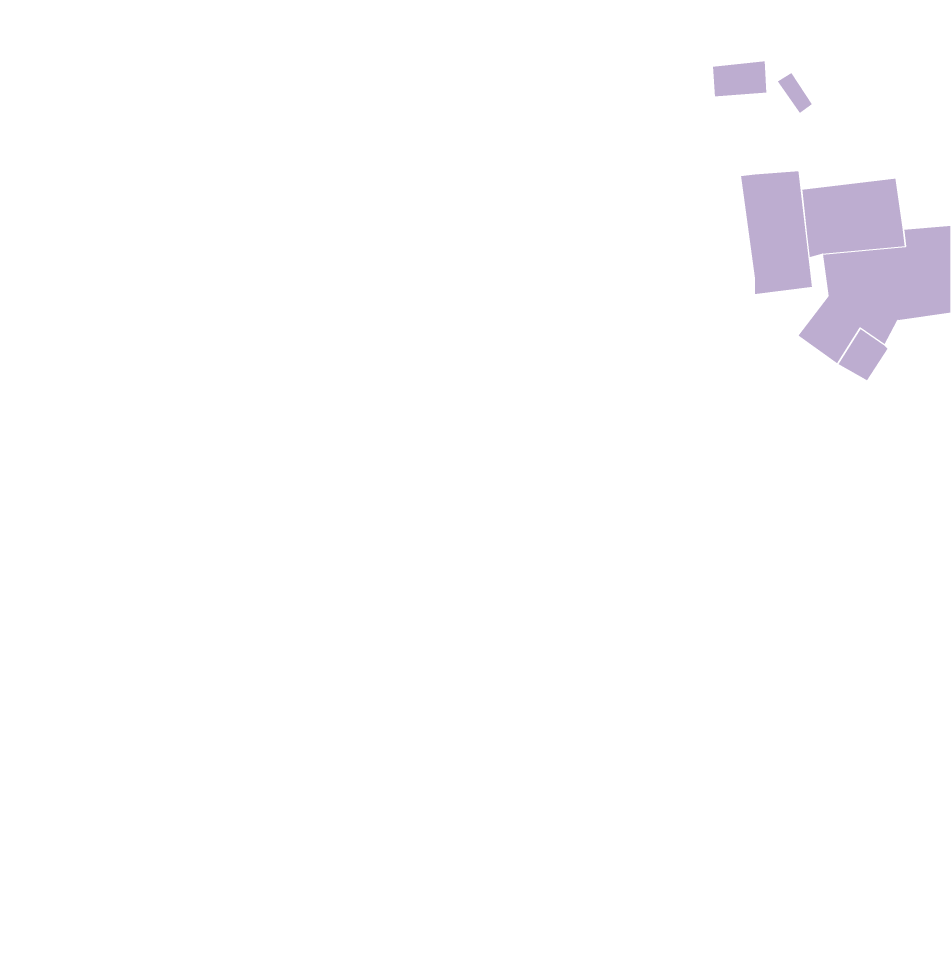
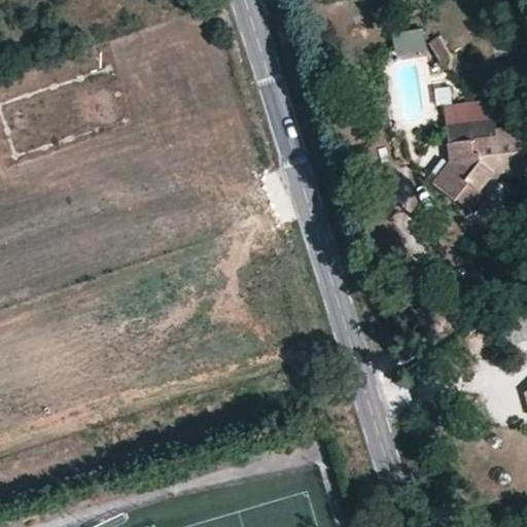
building: [740,171,812,295] -> none

